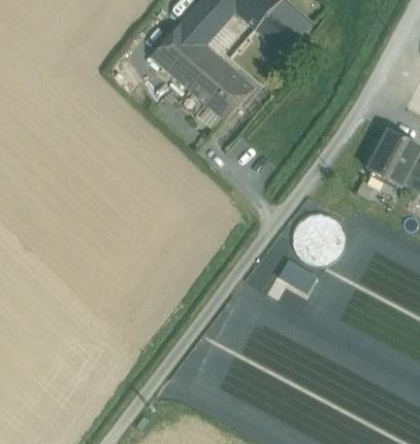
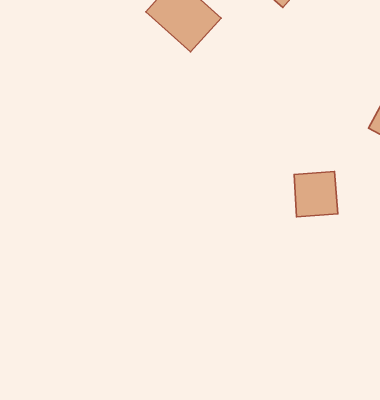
building: [196,62,256,122] -> none

